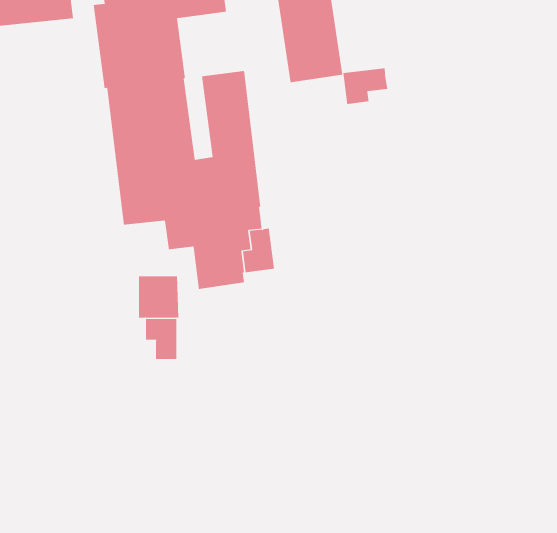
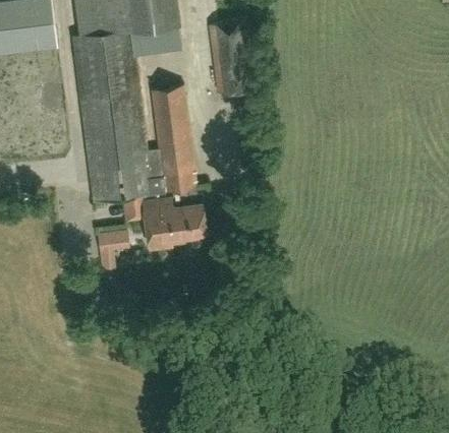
building: [343,68,388,105] -> none
building: [145,318,177,360] -> none

